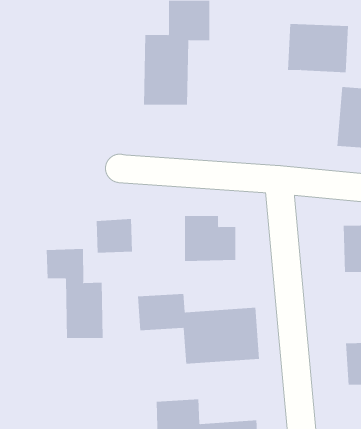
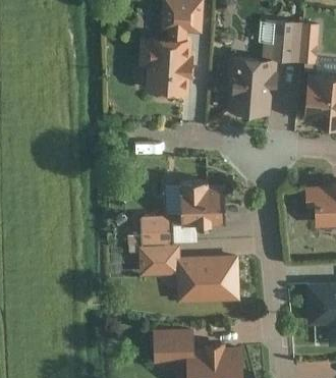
building: none -> [232,60,275,115]
building: [96,218,133,253] -> [141,214,171,242]
building: [46,248,103,339] -> none

